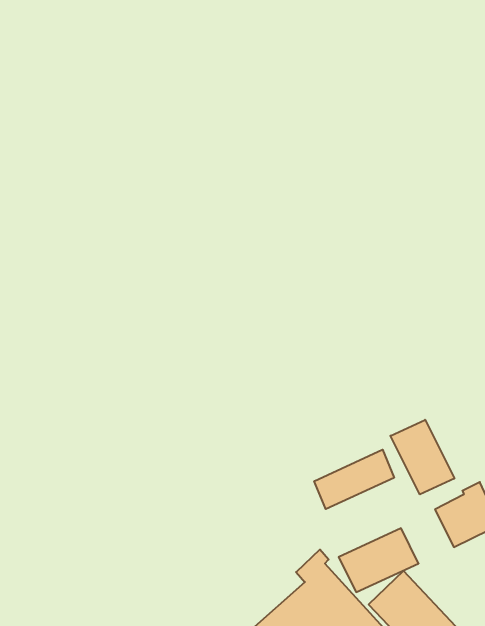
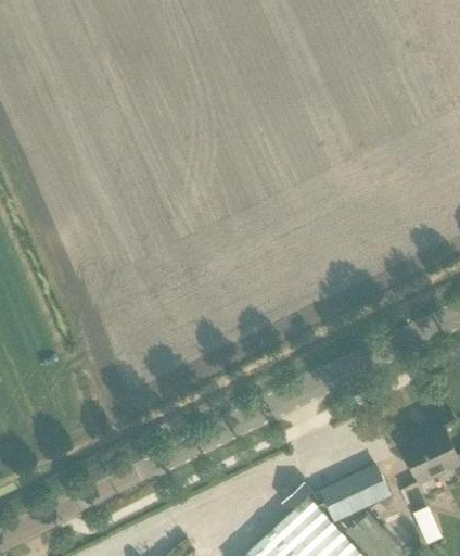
building: [390,420,454,494] -> none
building: [314,450,394,509] -> none

